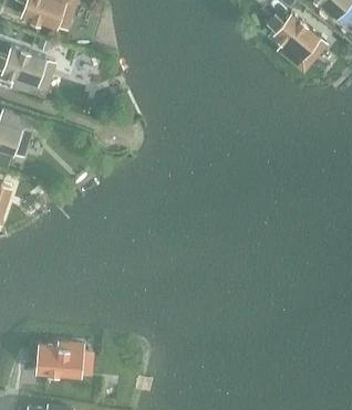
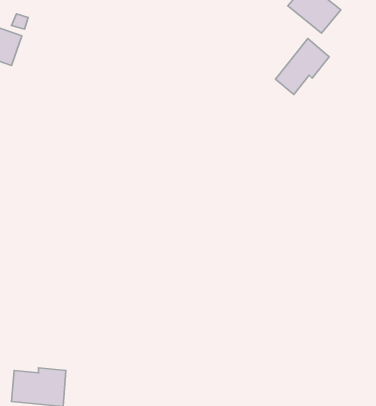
building: none -> [276,39,329,94]

